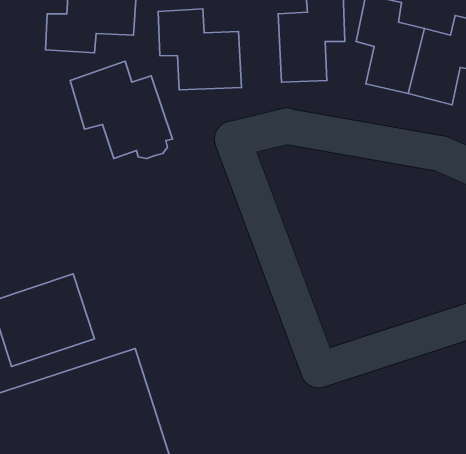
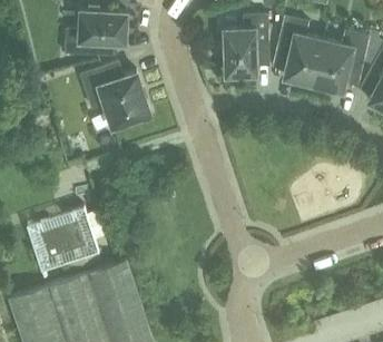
building: [158,9,241,90] -> none

